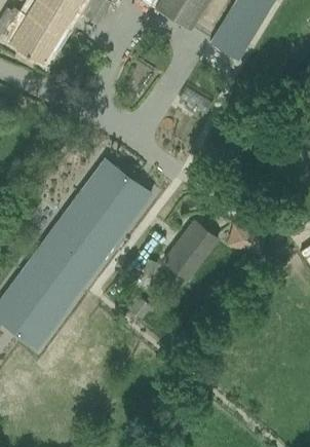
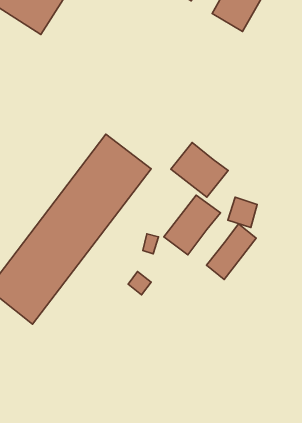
building: none -> [171,143,228,197]
building: none -> [206,224,256,280]

